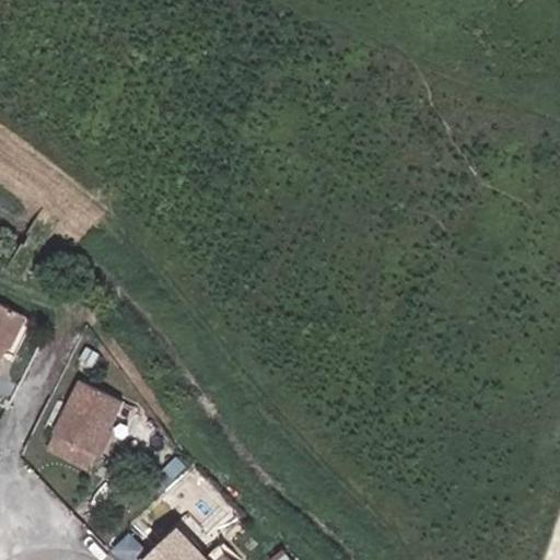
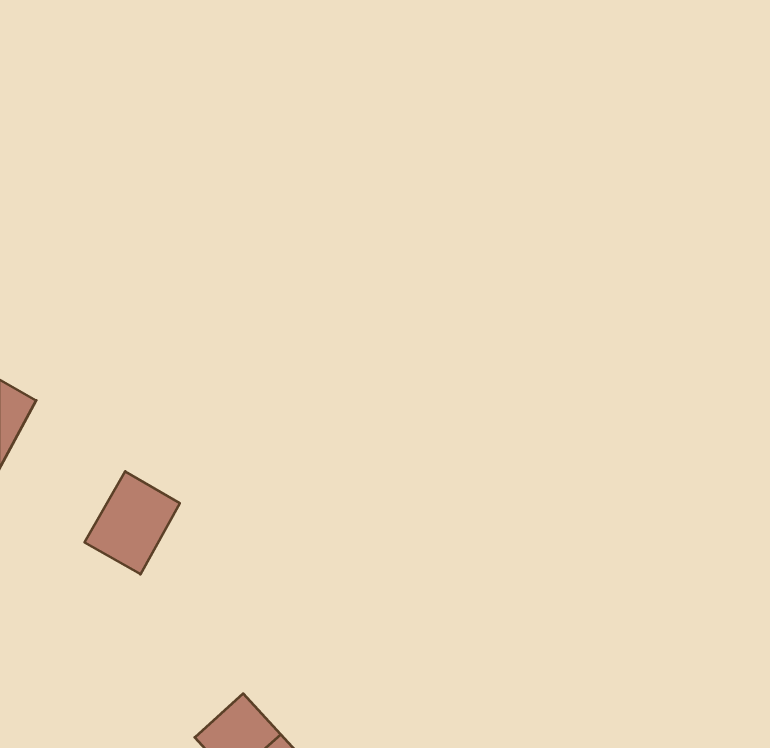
building: [50,410,102,452] -> none

